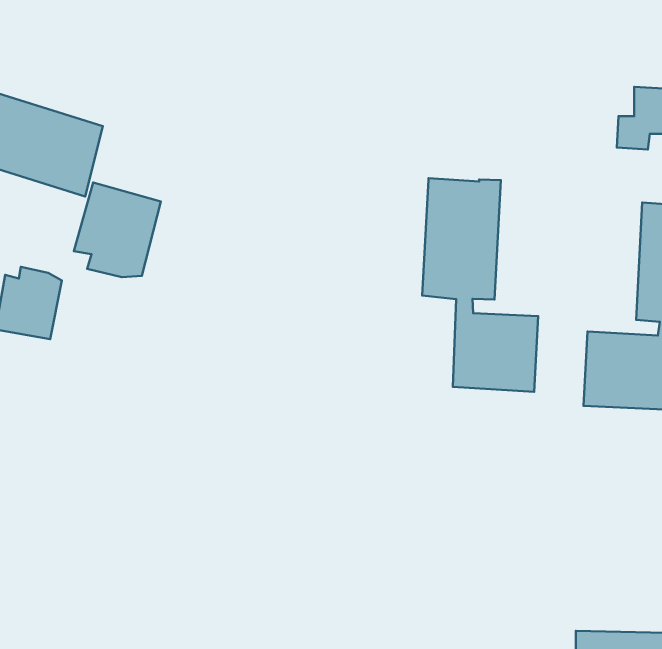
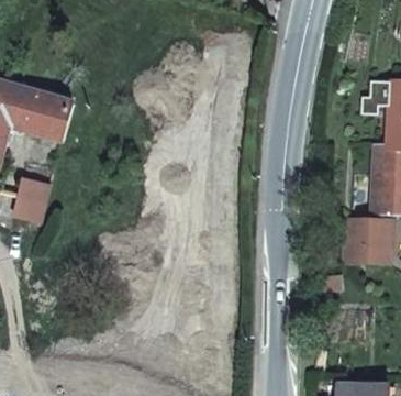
building: [422,178,538,392] -> none
building: [74,182,161,277] -> none

